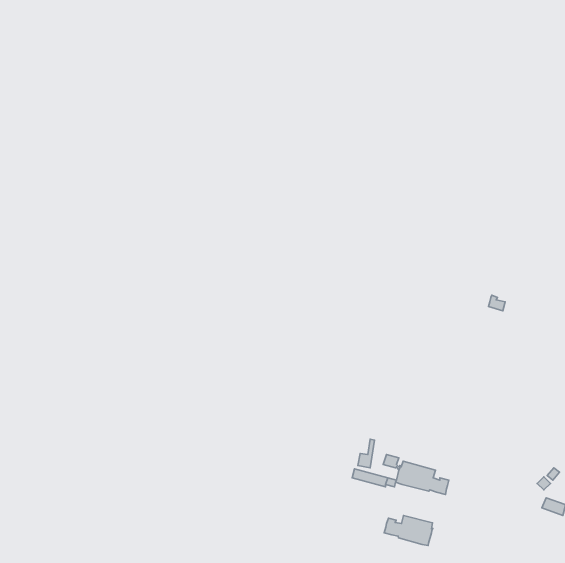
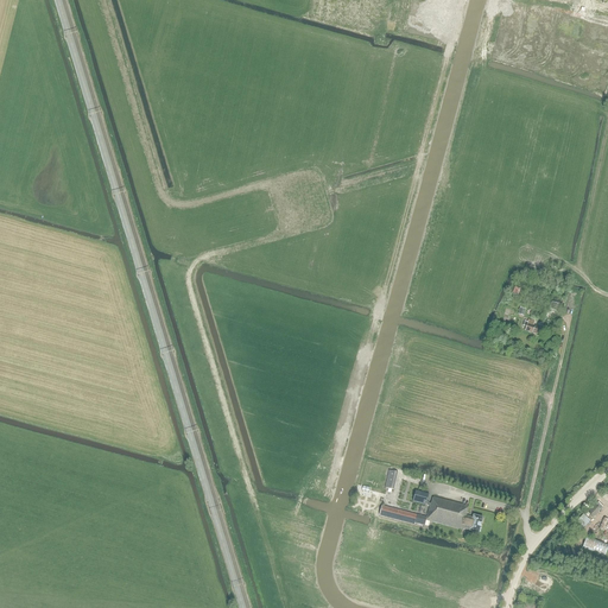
building: [384,515,433,546] -> none

